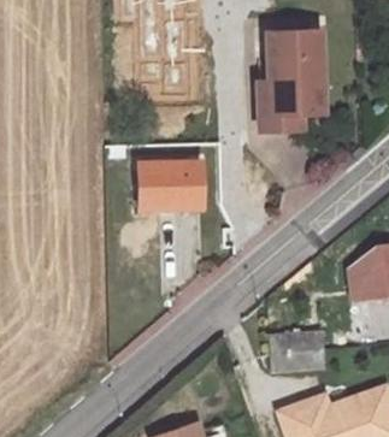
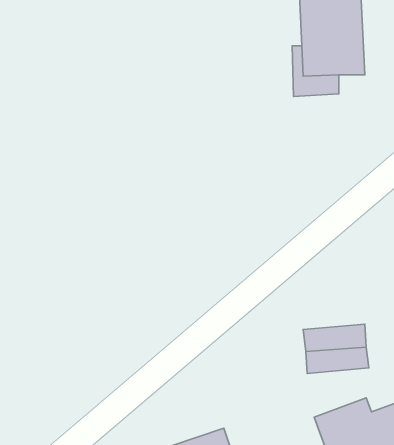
building: [138,163,200,208] -> none

